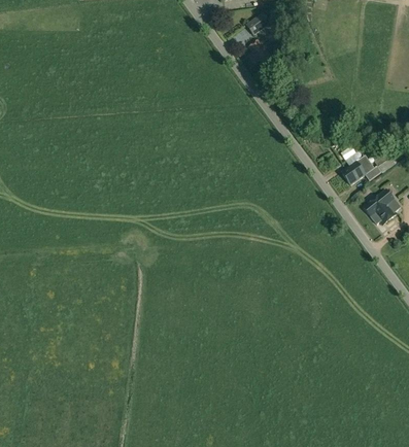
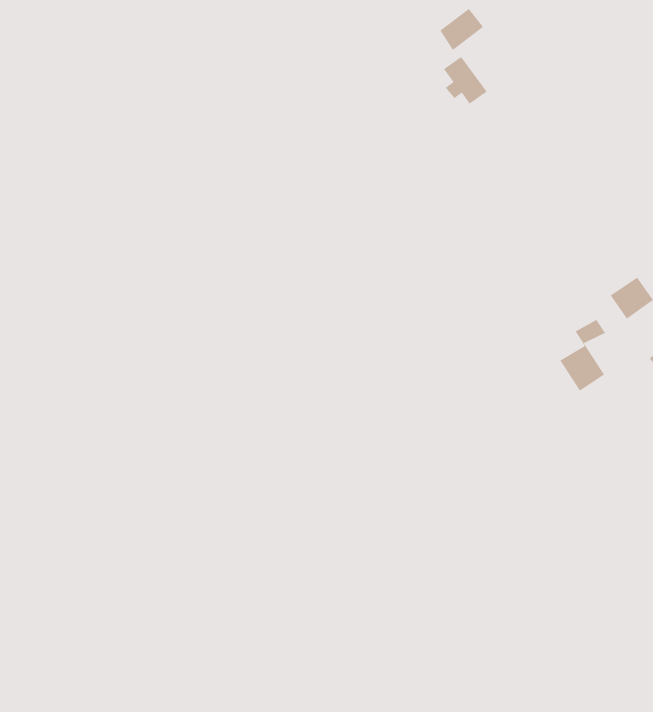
building: none -> [560,319,606,391]

